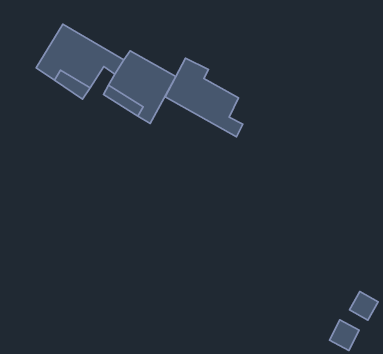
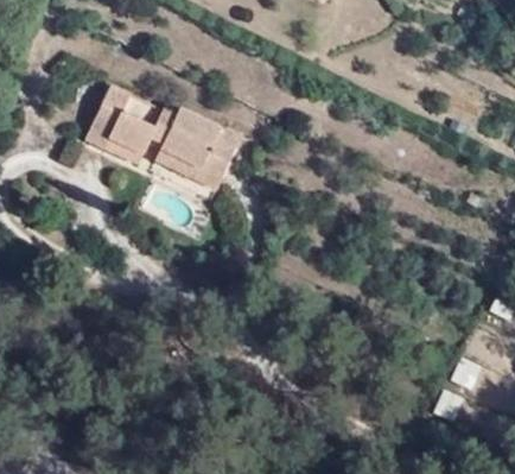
building: [165,58,243,137] -> none

